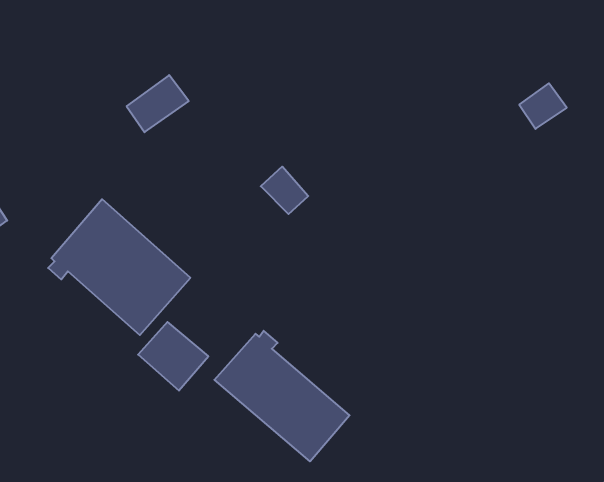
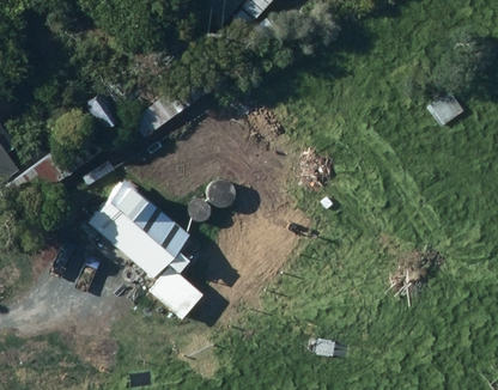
building: [214,331,350,461] -> none

